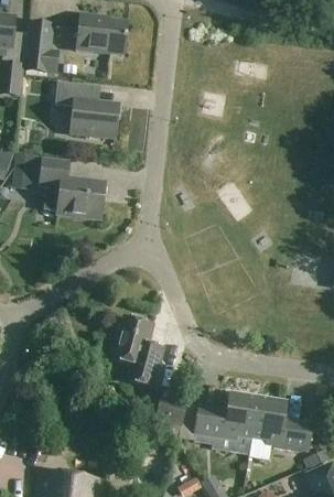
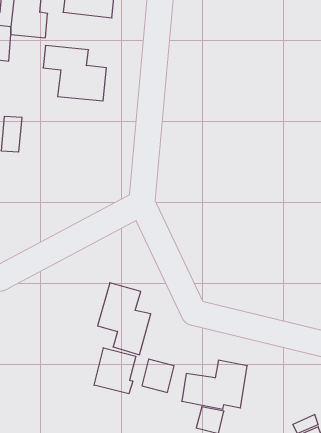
building: [40,158,105,218] -> none
building: none -> [94,348,136,394]
building: [251,399,311,454] -> none

